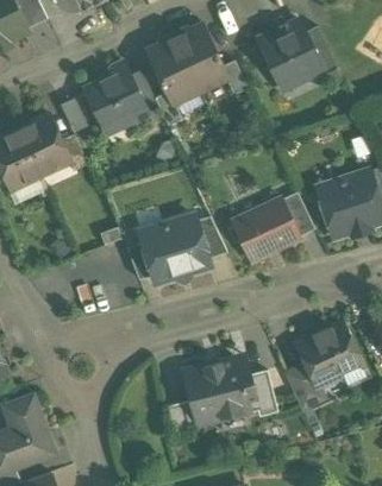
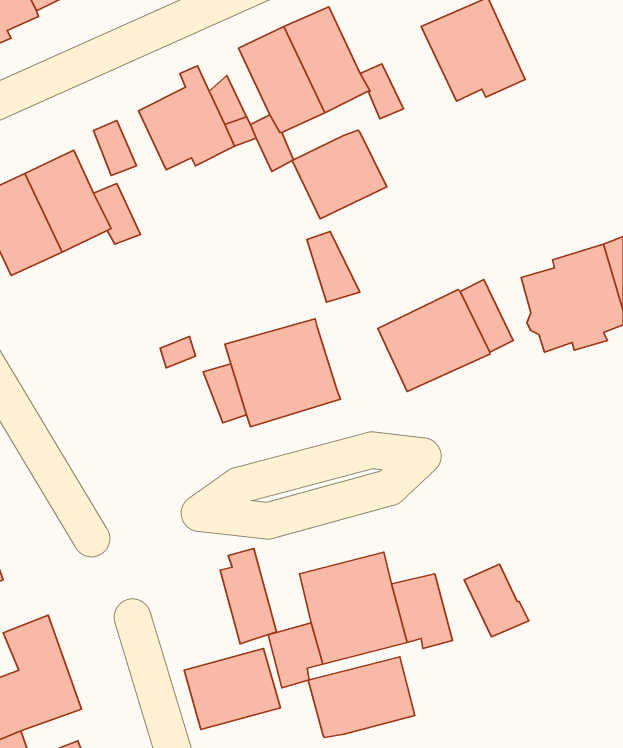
building: none -> [292,130,387,219]
building: [195,216,227,259] -> [307,232,360,302]
building: [296,323,359,387] -> none
building: none -> [220,549,277,644]
building: none -> [184,648,280,729]
building: none -> [308,657,415,737]

